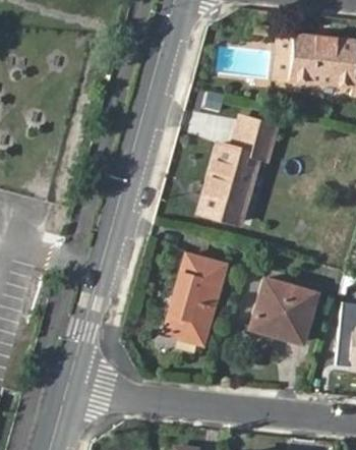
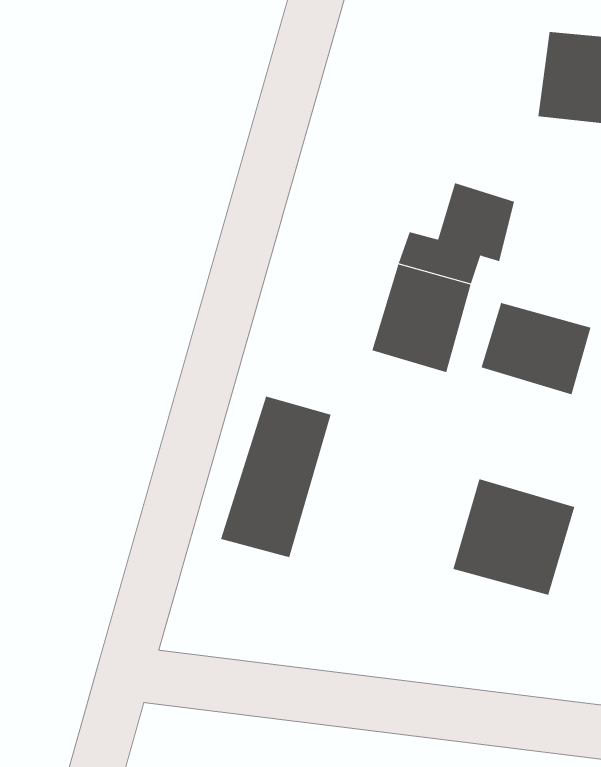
building: none -> [481,302,591,395]
building: [167,256,227,343] -> [220,396,331,558]

